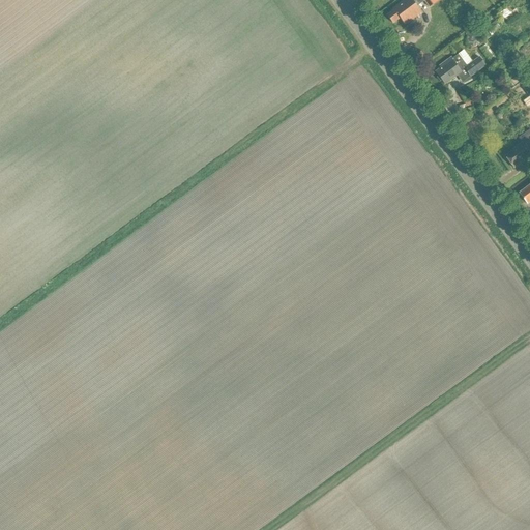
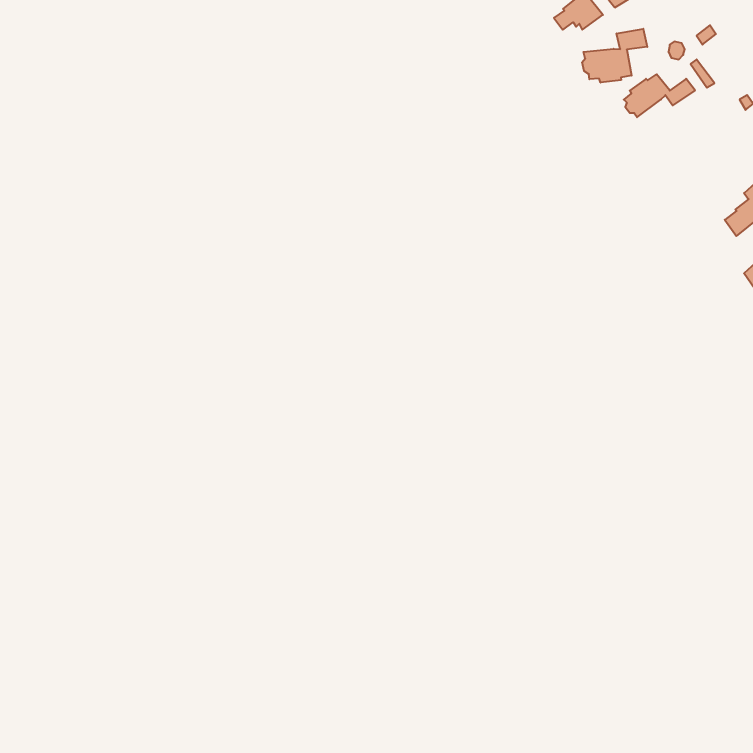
building: none -> [582,29,647,83]

